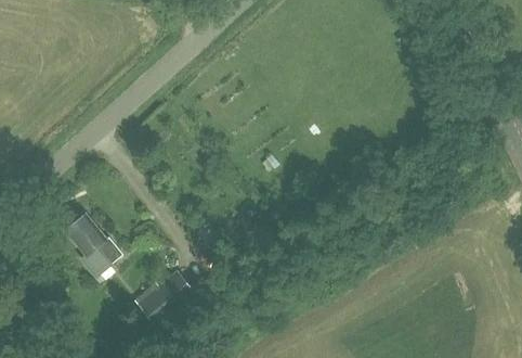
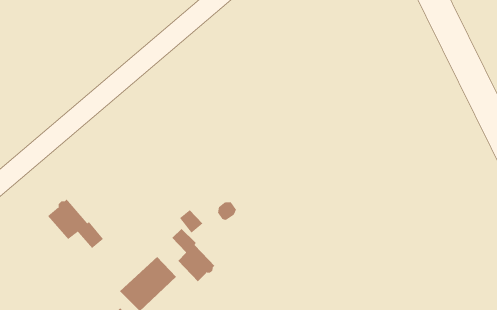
building: none -> [172,228,215,282]

